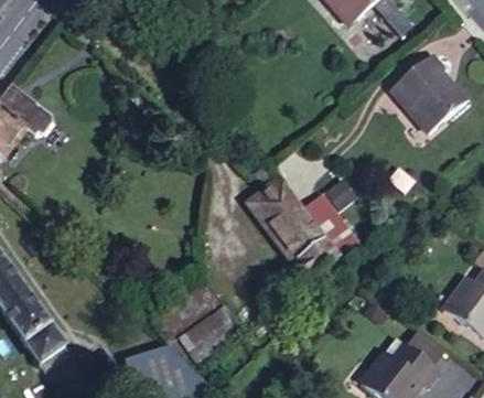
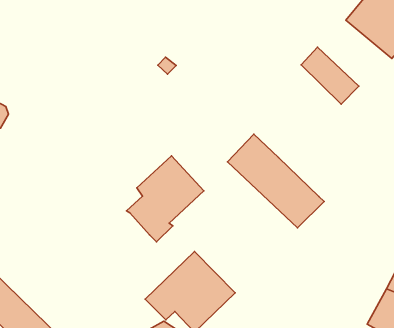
building: none -> [126,156,204,242]
building: [303,194,355,252] -> [301,47,359,104]

